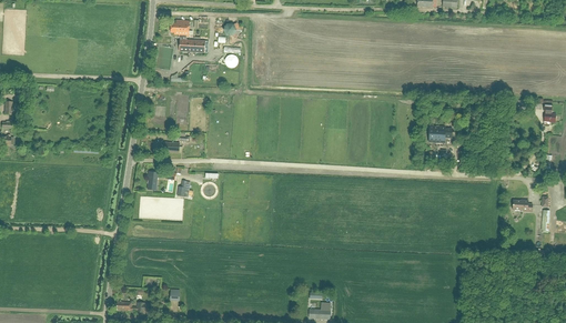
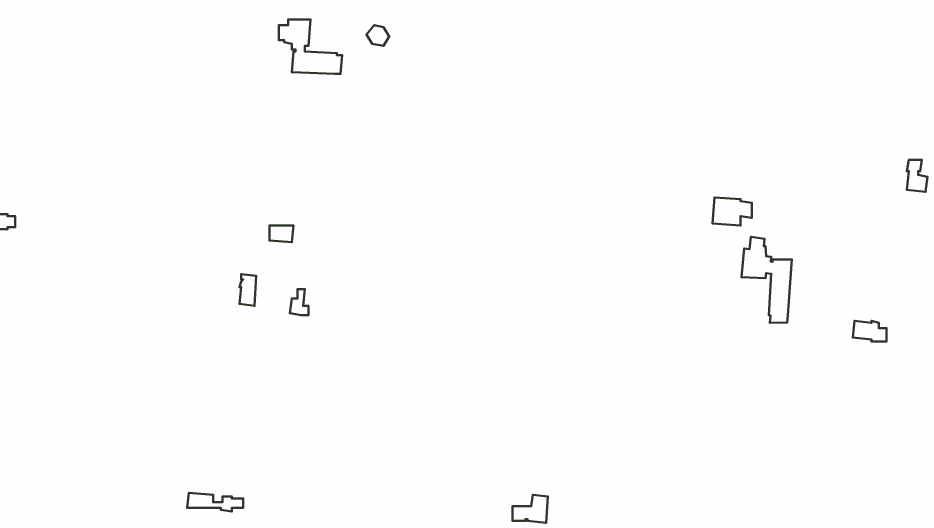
building: none -> [741,237,792,323]

